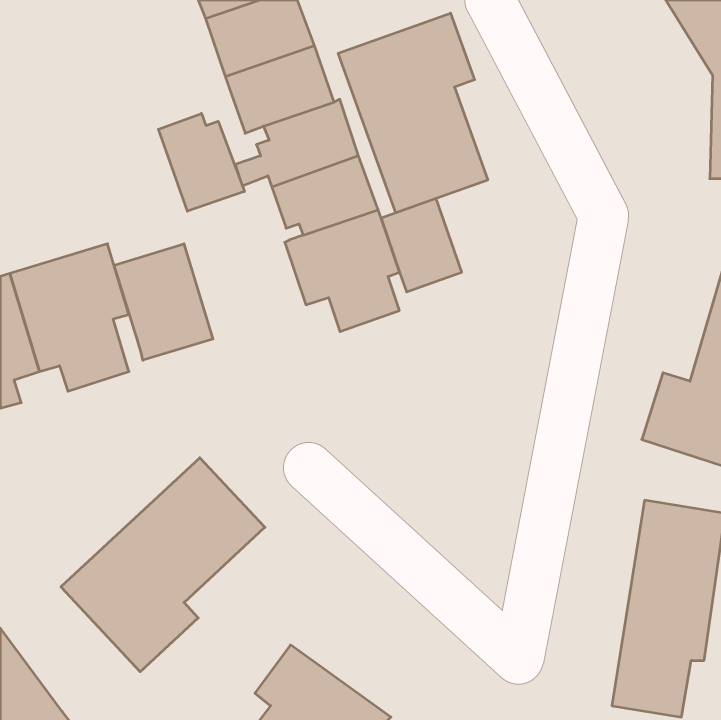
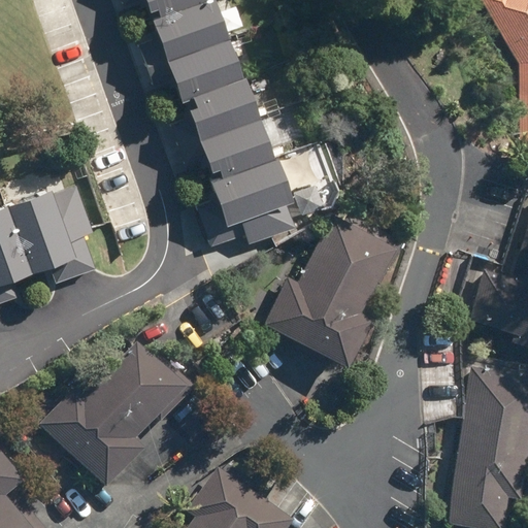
building: [338,13,488,213] -> none
building: [158,113,244,211] -> none
building: [114,244,213,360] -> none
building: none -> [256,213,403,363]

